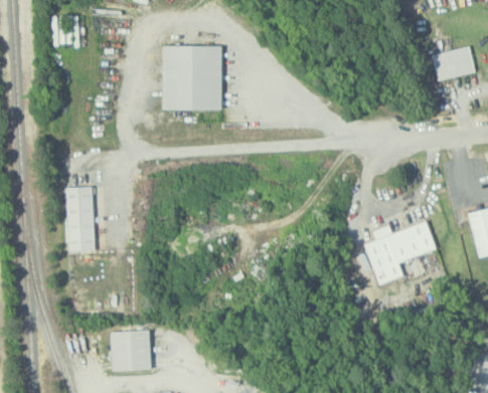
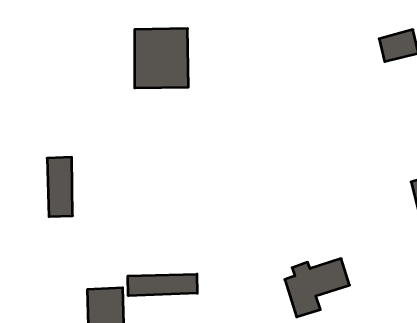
building: [364,221,436,285] -> [285,259,350,317]
building: none -> [128,274,197,296]

